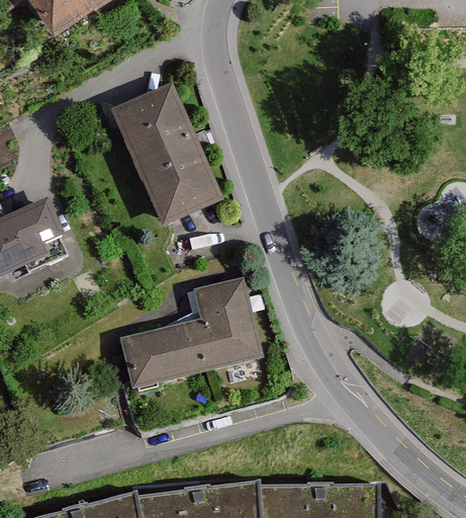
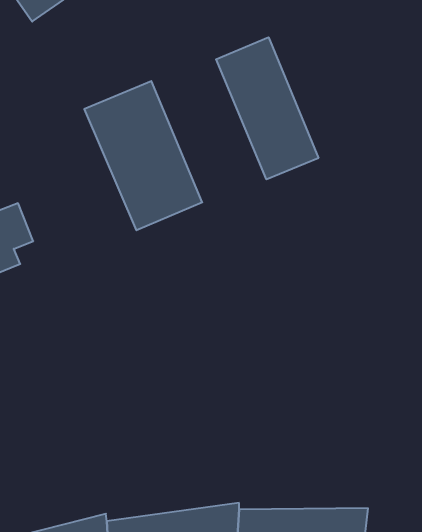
building: none -> [216,37,318,179]
building: [118,279,263,385] -> none

